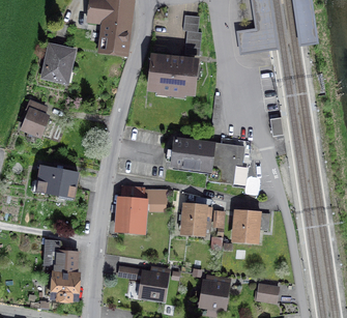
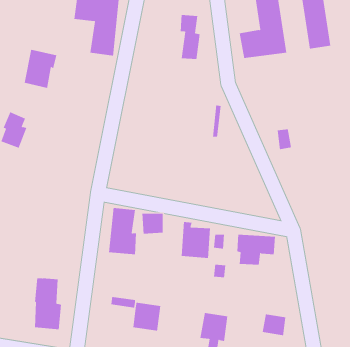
building: [148,53,195,95] -> none
building: [170,138,243,182] -> none
building: [35,165,77,197] -> none

